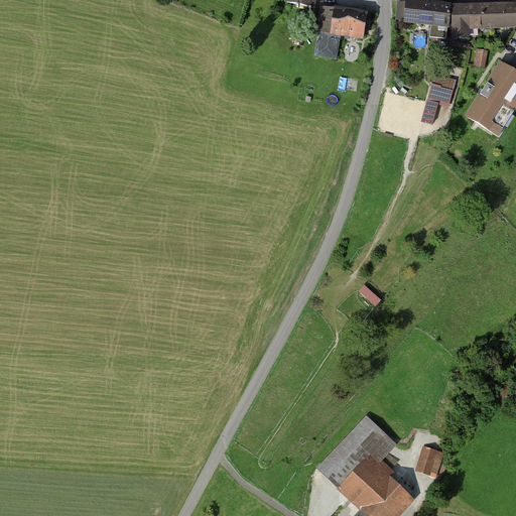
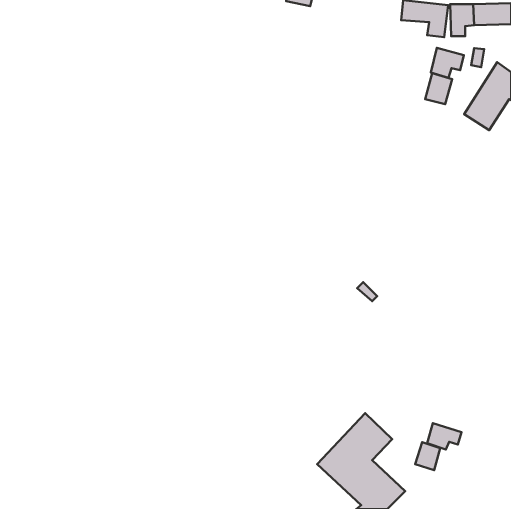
building: [316,6,367,57] -> none
building: none -> [431,48,464,78]
building: none -> [427,423,461,449]

